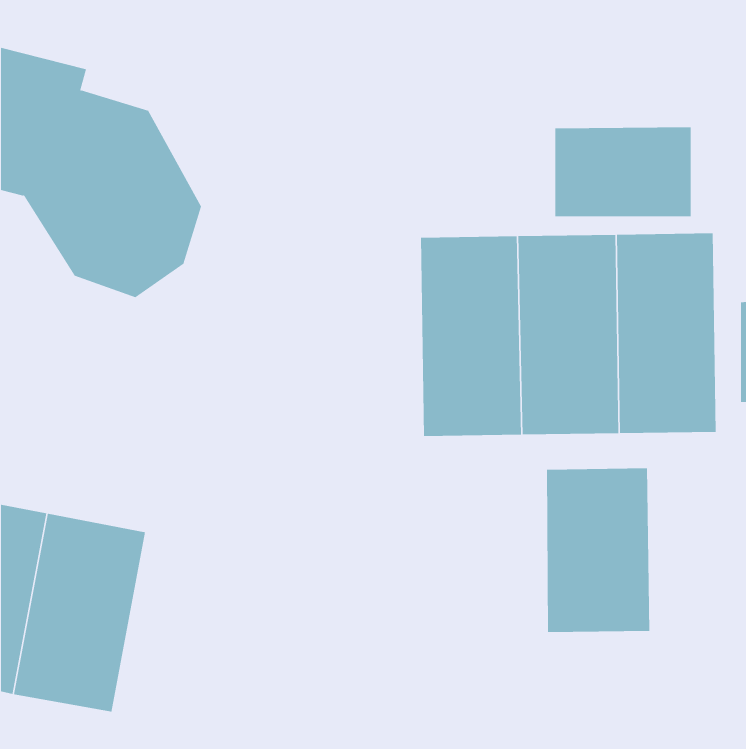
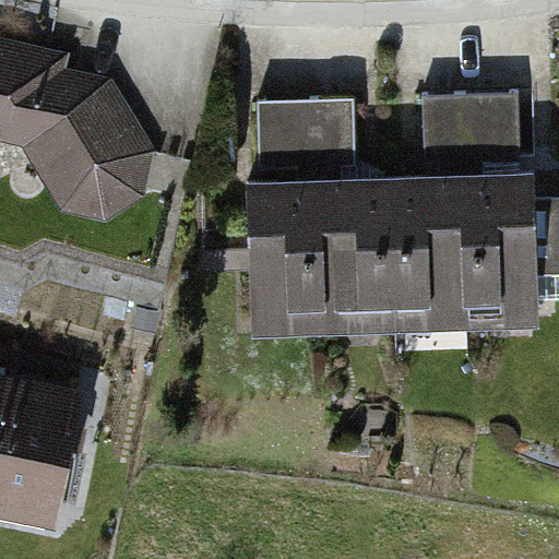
building: none -> [251,96,353,171]
building: none -> [243,179,319,328]
building: [547,468,650,633] -> none

